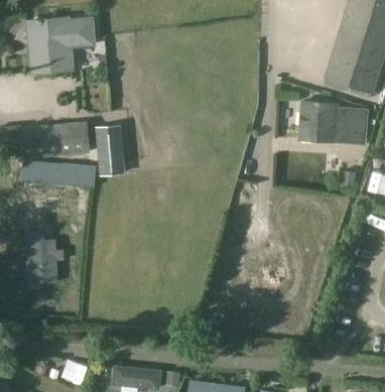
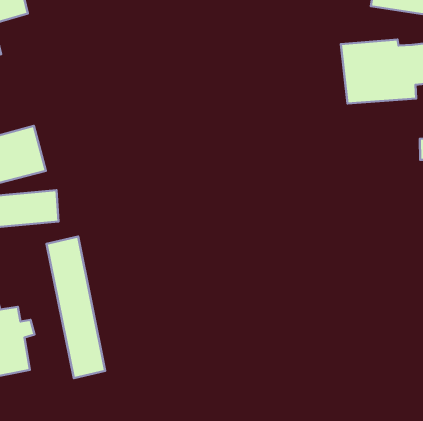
building: [96,124,125,174] -> none
building: none -> [47,236,105,378]

